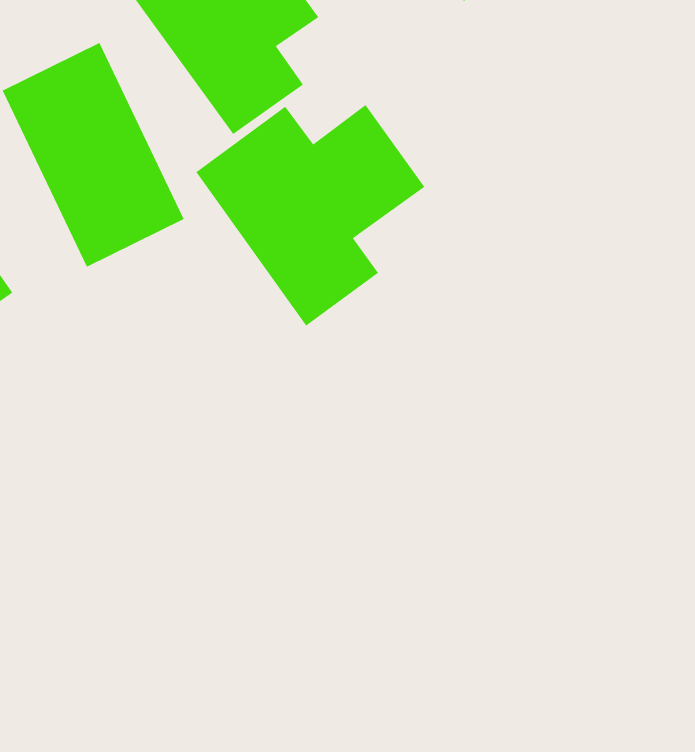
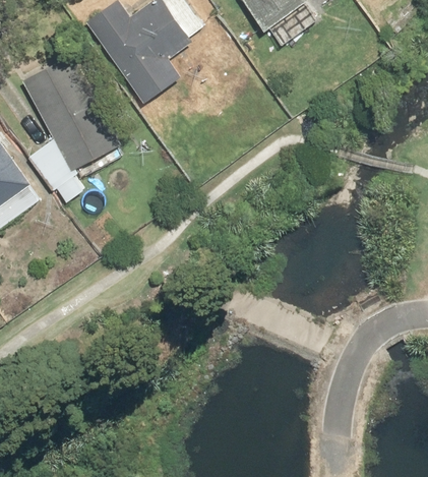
building: [195,104,425,326] -> none

